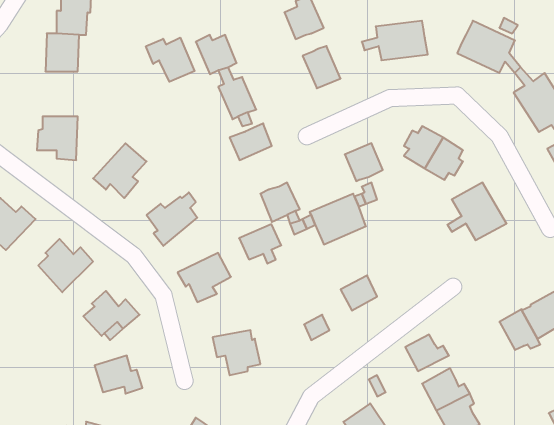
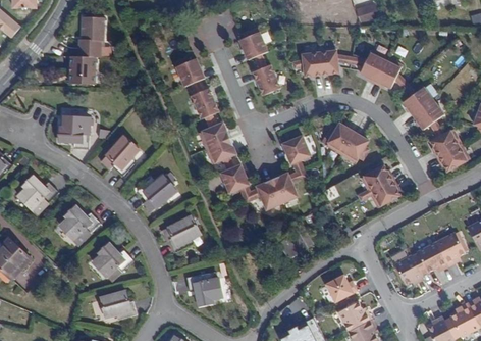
building: [146,38,195,82] -> none
building: [239,224,281,264] -> [206,138,236,166]

